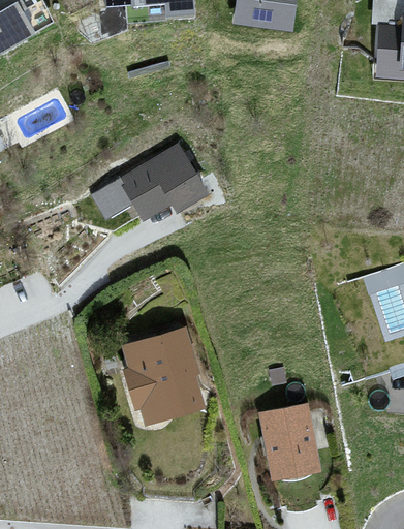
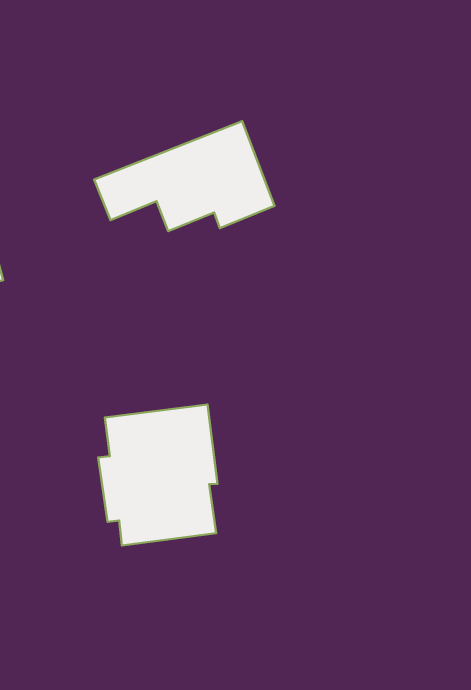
building: [263,405,317,477] -> none

